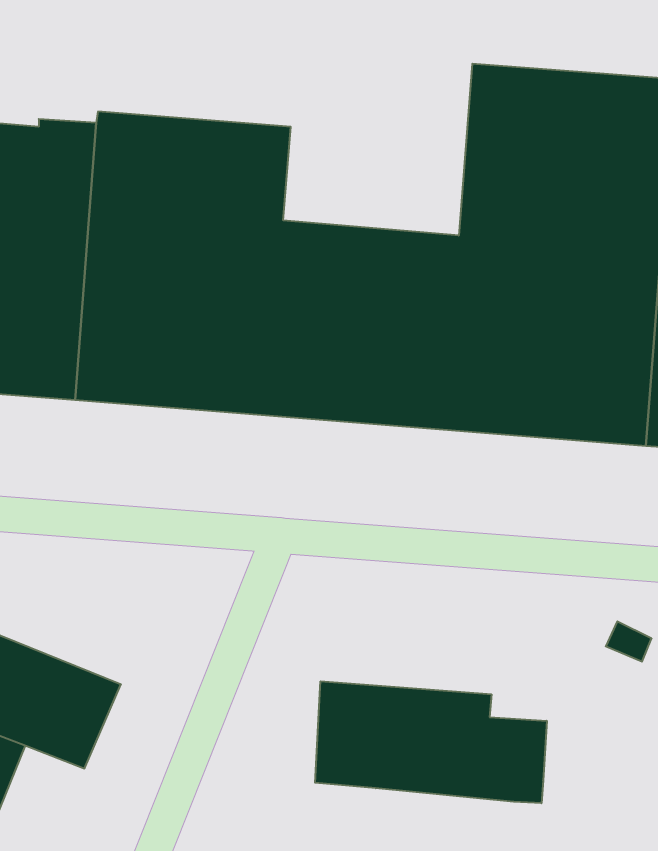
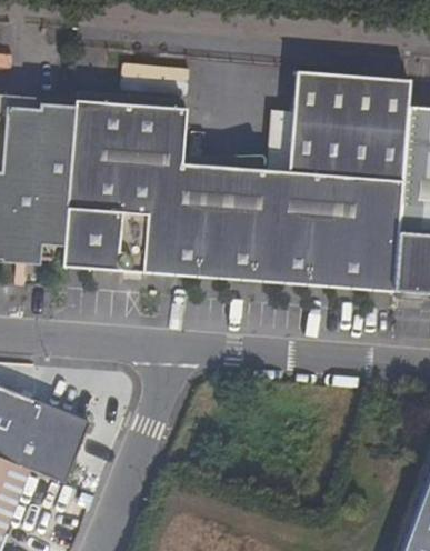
building: [315,681,547,803] -> none

